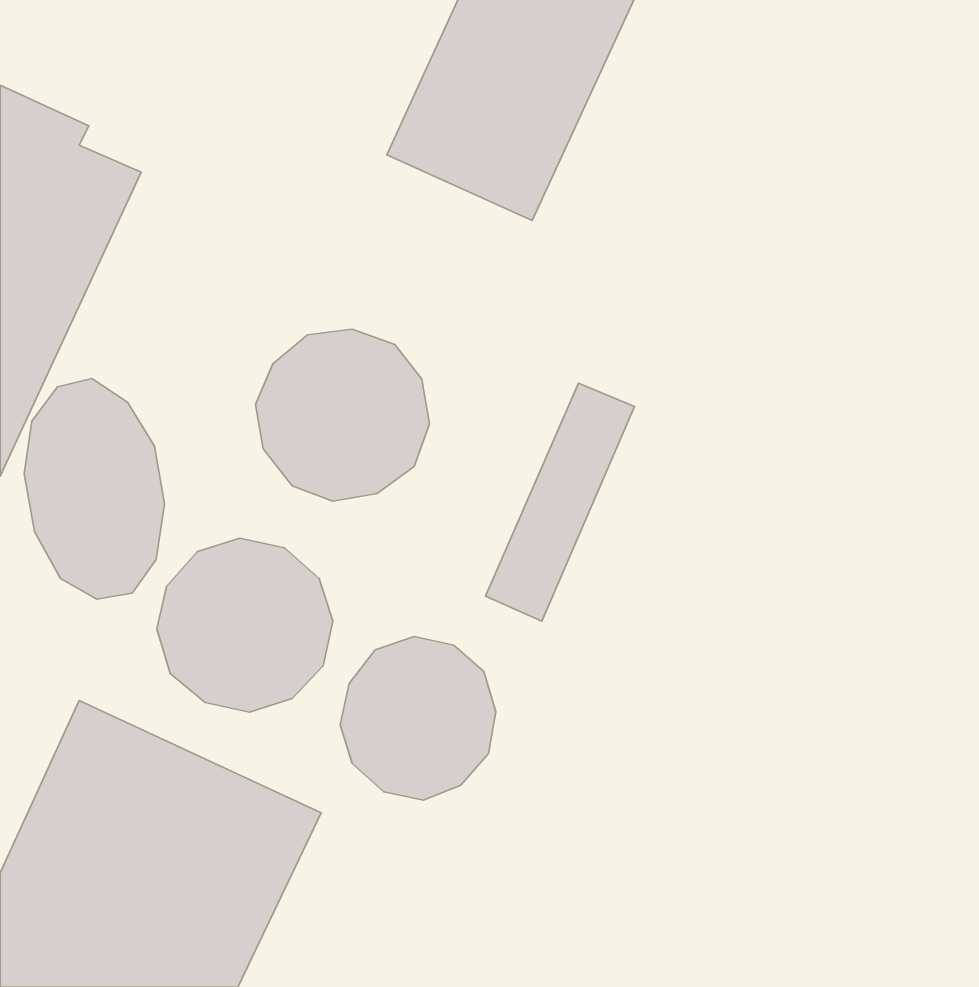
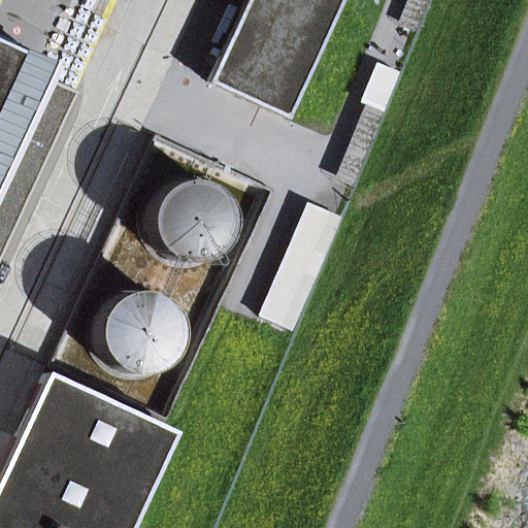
building: [24,378,164,599] -> none
building: [340,637,496,800] -> none

